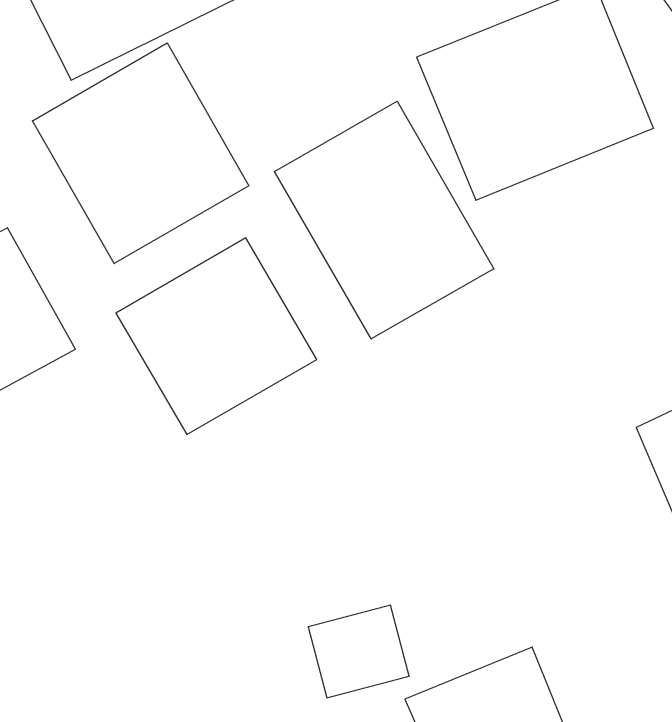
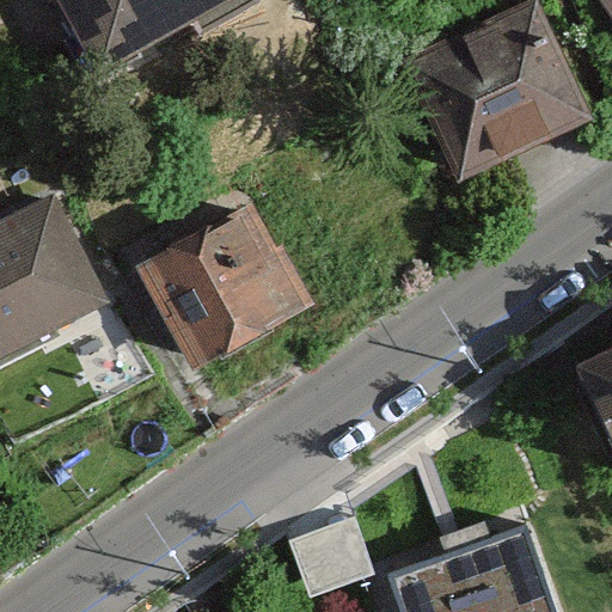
building: [32,43,249,264] -> none
building: [274,101,494,339] -> none

